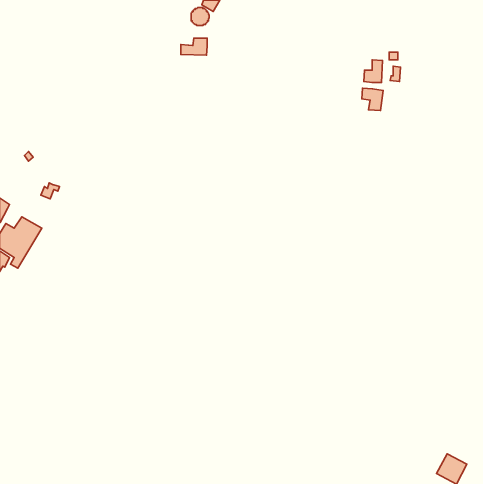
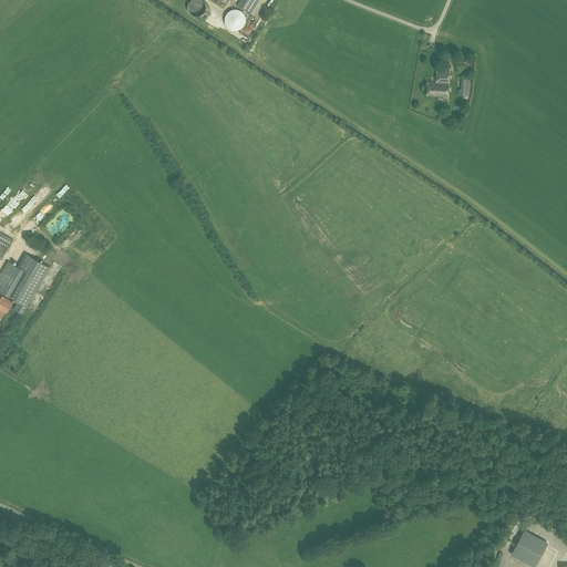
building: [181,38,207,55] -> none
building: [362,88,383,111] -> none

